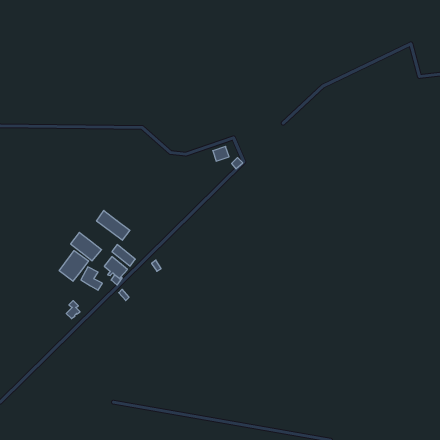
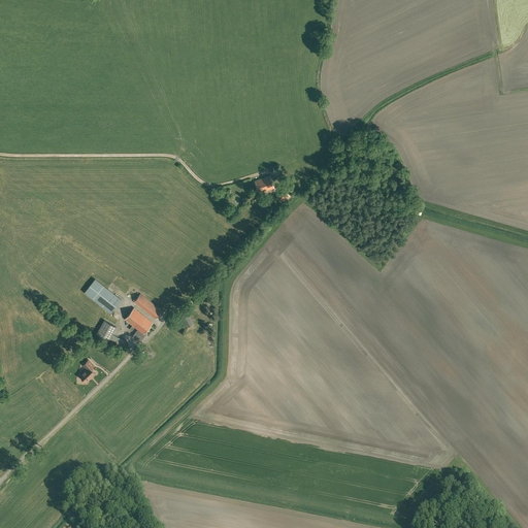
building: [97,210,130,240] -> none
building: [59,251,89,281] -> none

